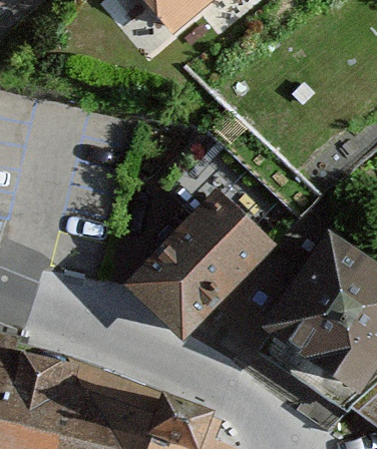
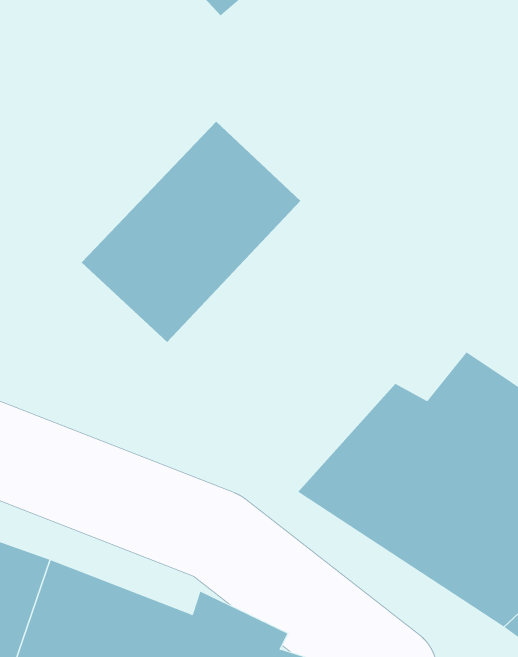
building: [133,199,274,341] -> [81,121,301,343]

